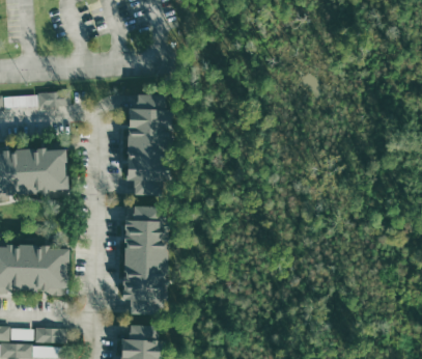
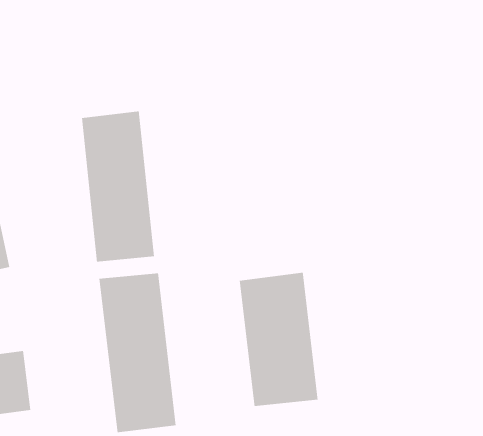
building: none -> [239,272,318,407]

